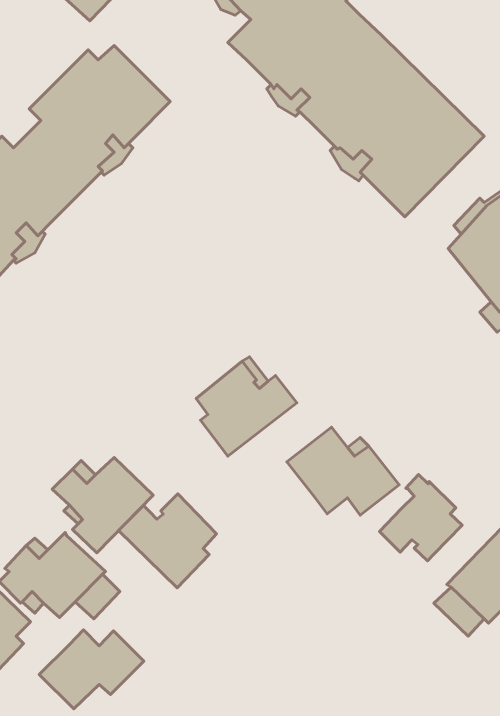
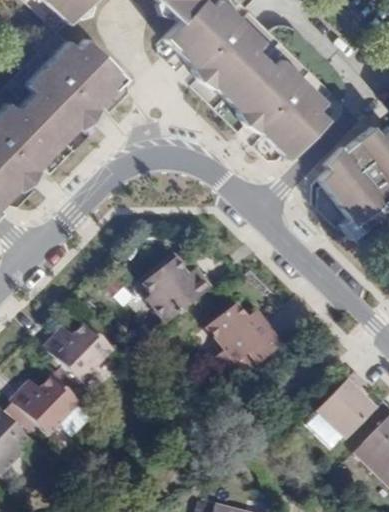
building: [380,475,462,561] -> none
building: [118,494,217,588] -> none
building: [39,630,144,709] -> none

